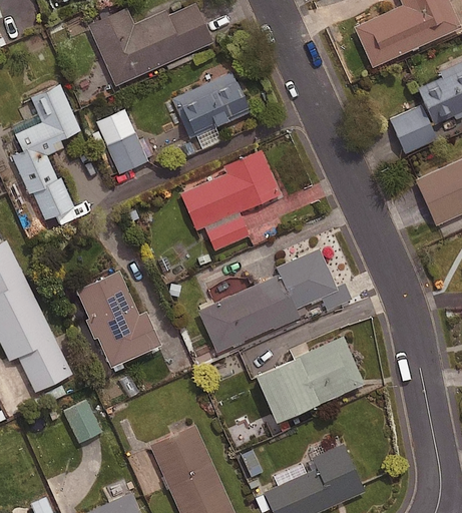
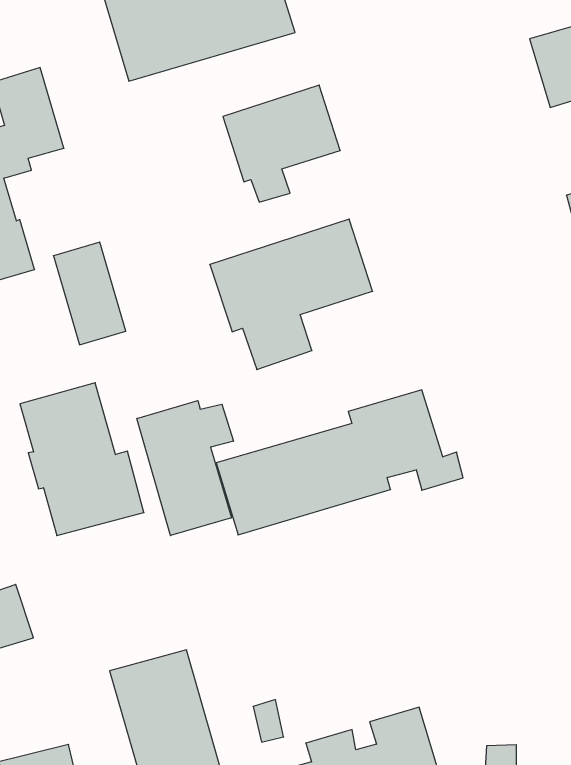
building: [96,109,146,173] -> [53,242,126,345]
building: none -> [137,401,233,536]
building: [255,338,363,423] -> none

